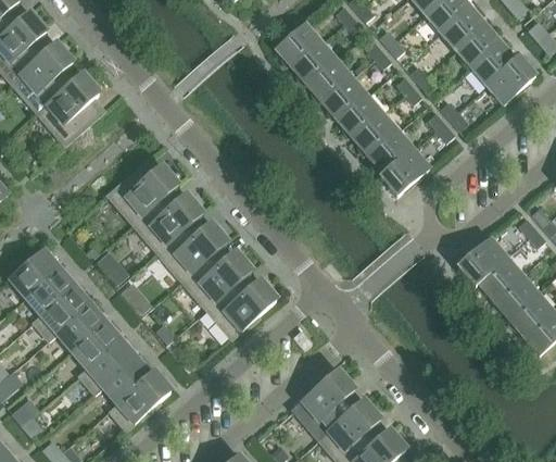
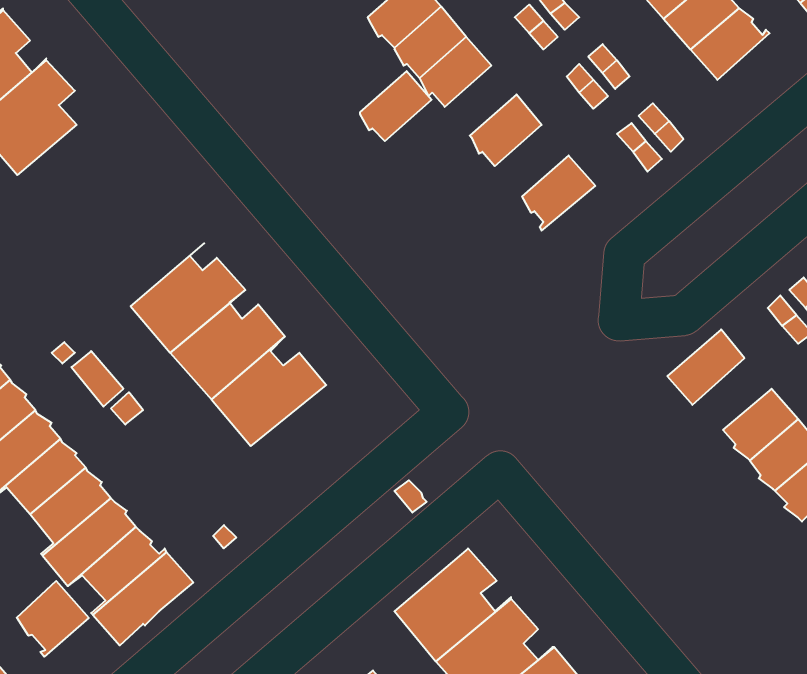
building: [489,58,535,103] -> none
building: [324,77,367,120] -> [360,71,432,141]
building: [354,113,399,157] -> none
building: [382,150,430,195] -> none
building: [109,163,178,223] -> none
building: [473,254,521,298] -> none
building: [206,271,277,337] -> none
building: none -> [17,581,89,657]

